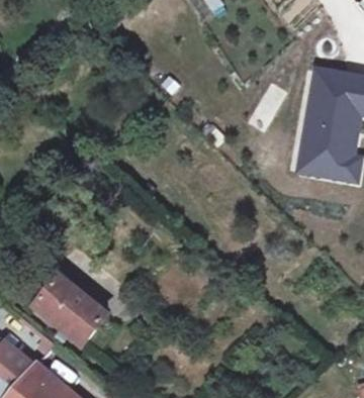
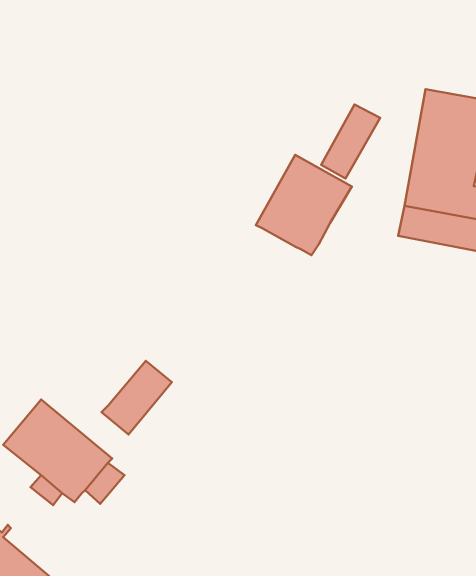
building: none -> [256,155,352,255]
building: none -> [102,361,172,434]

